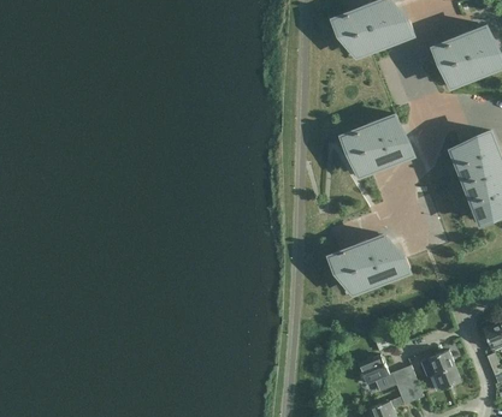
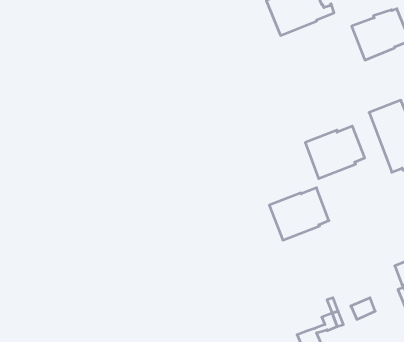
building: [346,118,415,179] -> [305,126,365,179]
building: [418,349,454,377] -> none
building: [358,353,389,382] -> none

